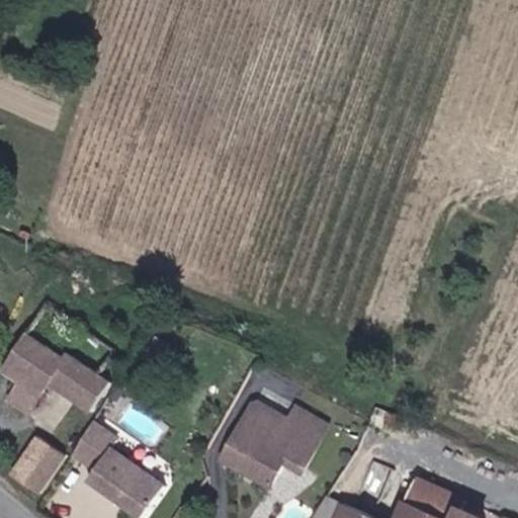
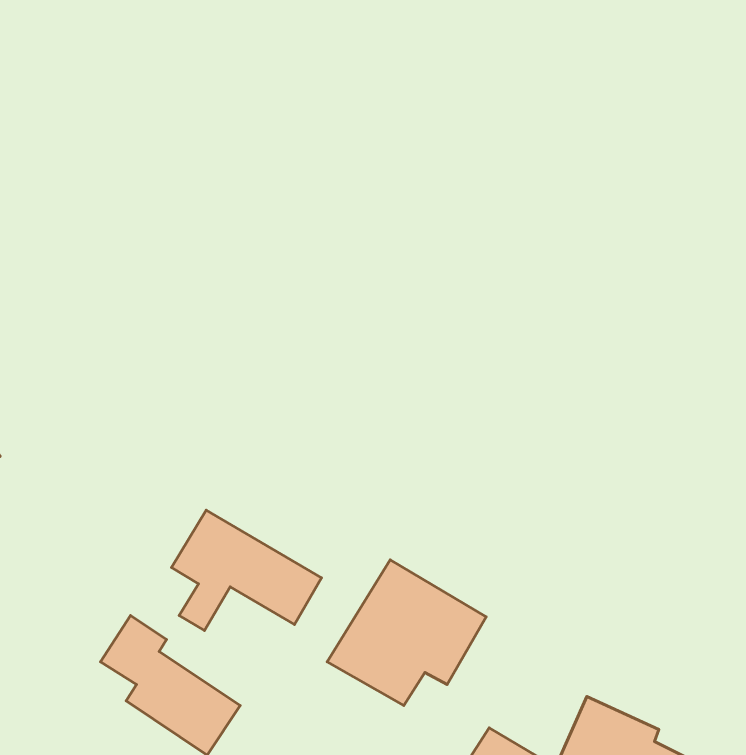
building: [6,334,107,415] -> [172,510,322,630]
building: [11,434,65,491] -> none

